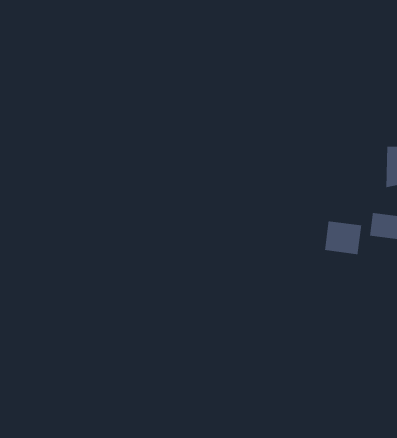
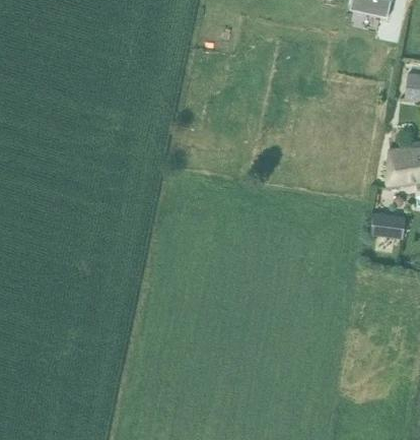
building: [324,220,362,255] -> none

